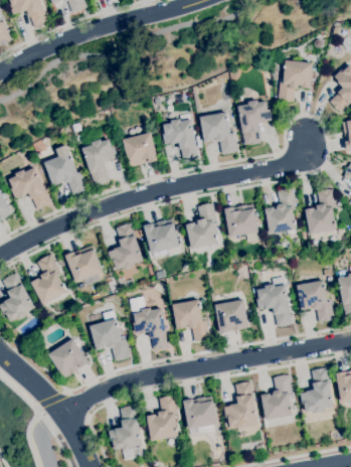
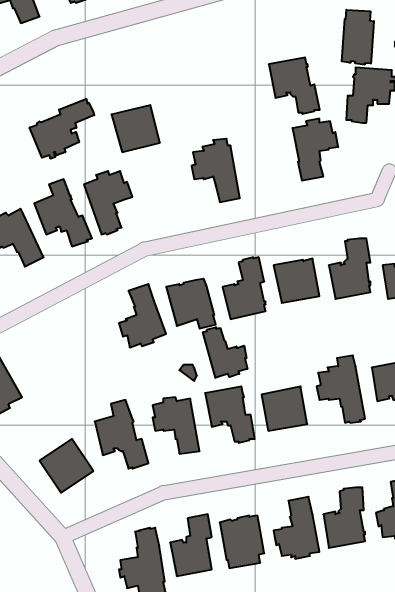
building: none -> [342,10,374,65]
building: none -> [30,99,94,159]
building: [200,113,238,155] -> [269,57,320,114]
building: [123,133,159,168] -> [111,105,160,152]
building: [65,246,104,287] -> none
building: [31,255,67,305] -> none
building: none -> [203,327,247,378]

